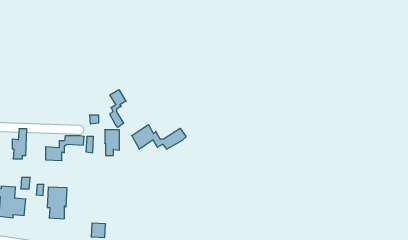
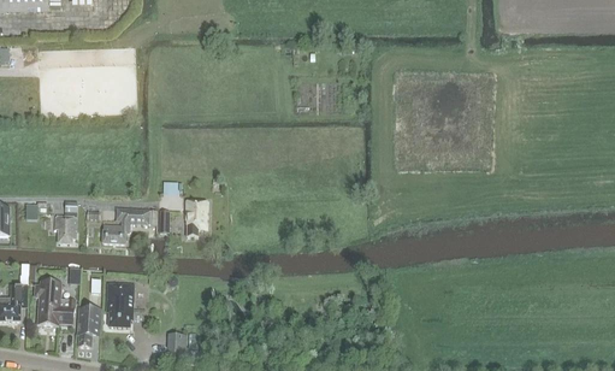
building: [110,90,126,127] -> none
building: [132,125,186,149] -> none
building: none -> [75,306,100,346]

